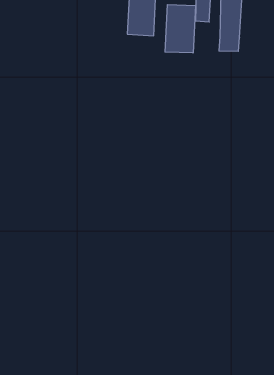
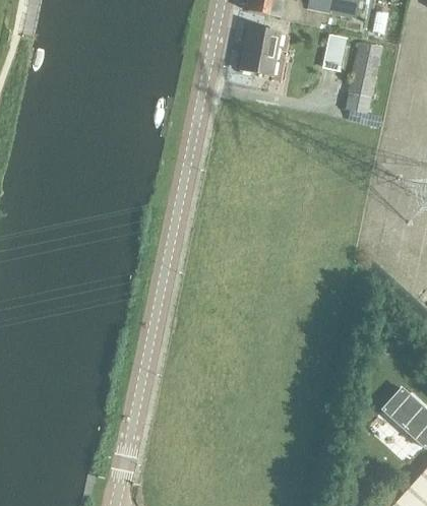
building: [165,5,195,53] -> none

